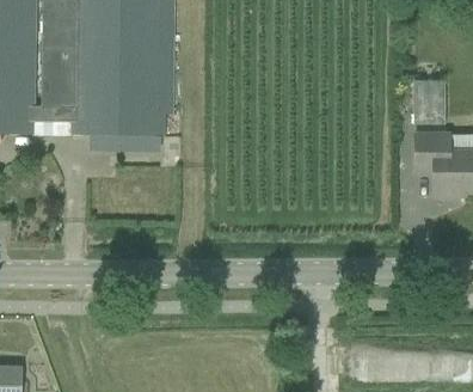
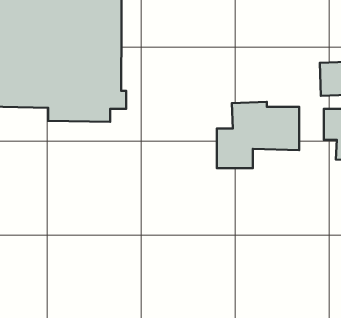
building: none -> [217,102,299,168]

